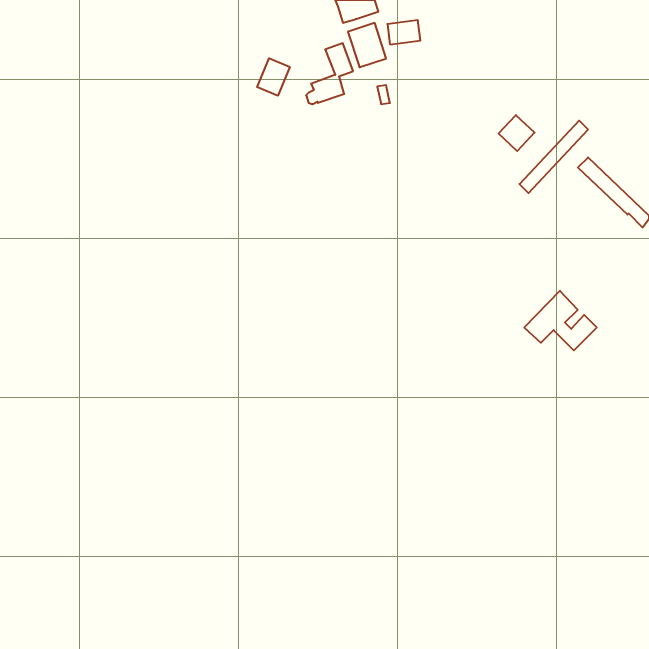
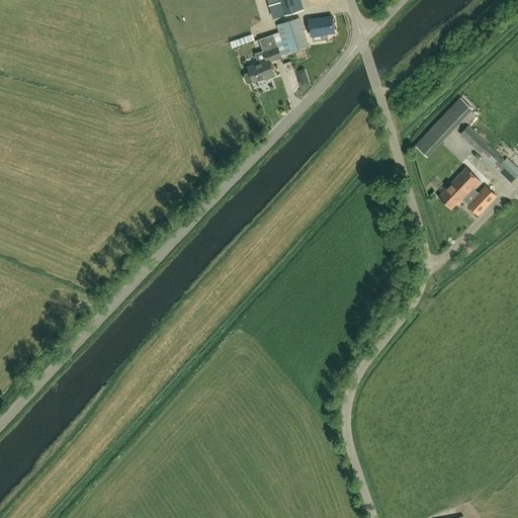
building: [257,58,290,96] -> none
building: [499,115,535,151] -> none
building: [524,291,597,350] -> [438,167,496,214]

